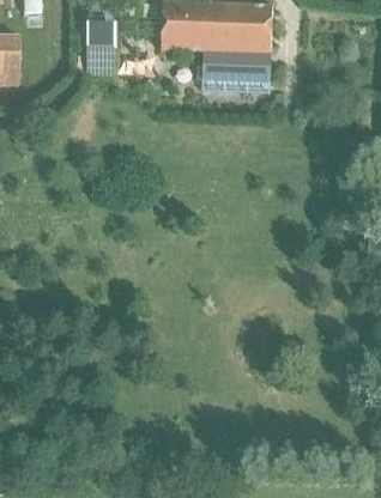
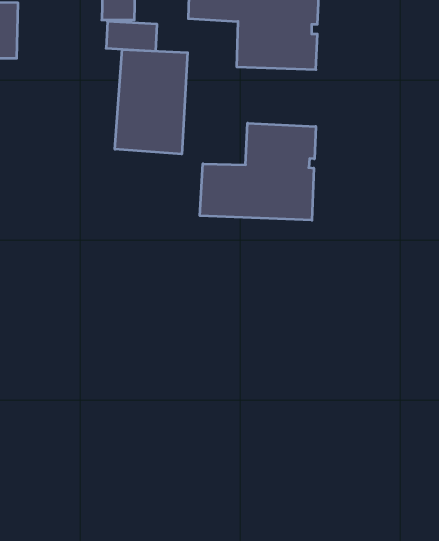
building: none -> [115,50,188,154]
building: none -> [200,123,316,220]

